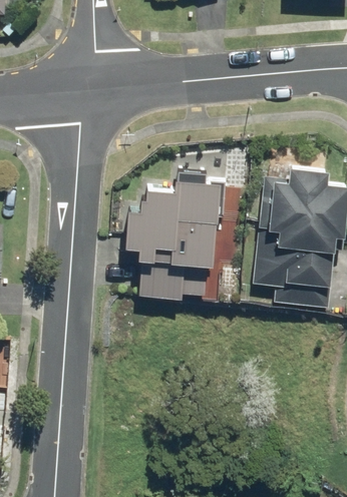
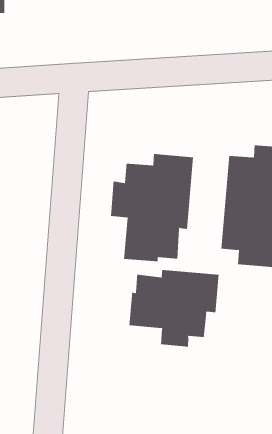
building: none -> [129,269,219,348]

